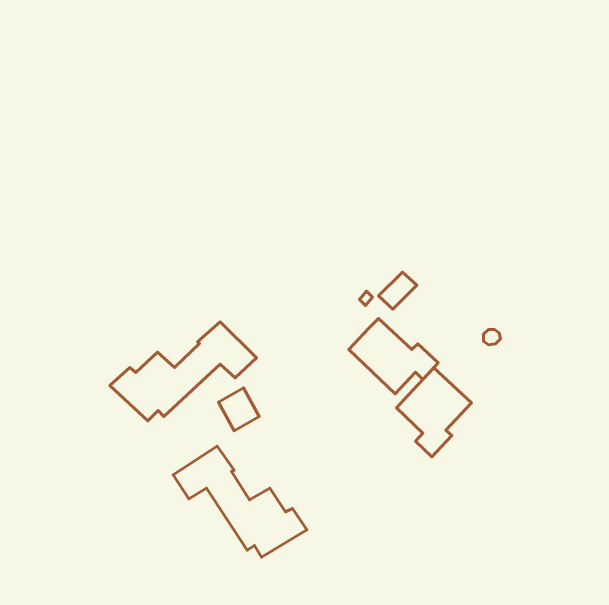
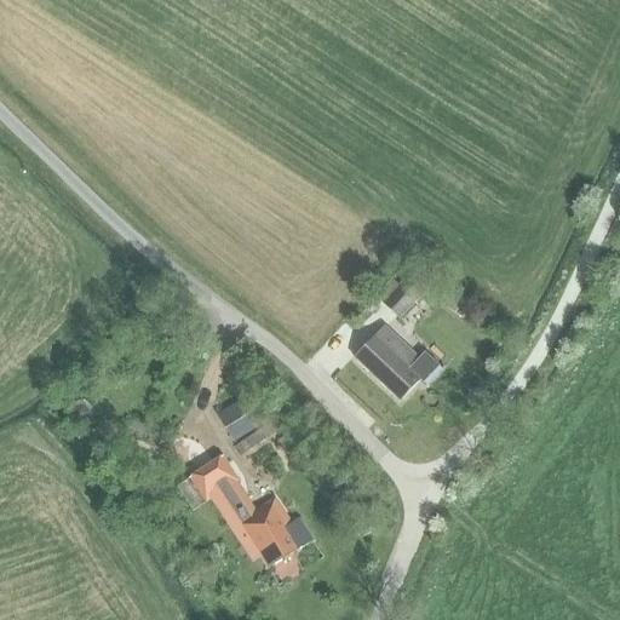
building: [110,322,257,421] -> none
building: [396,368,472,457] -> none

